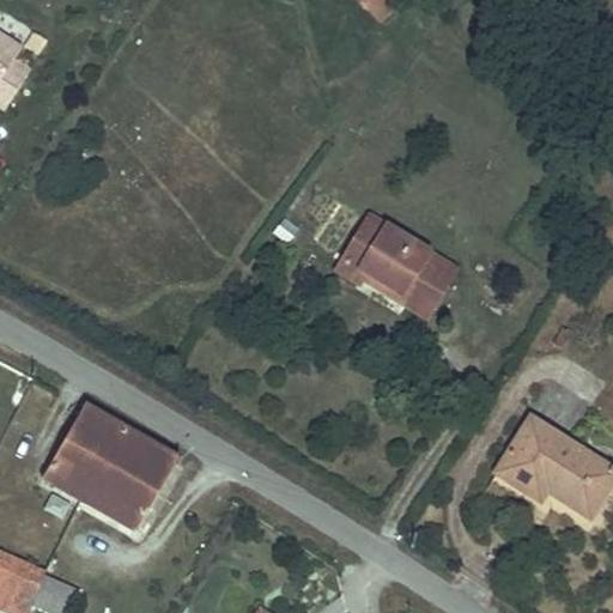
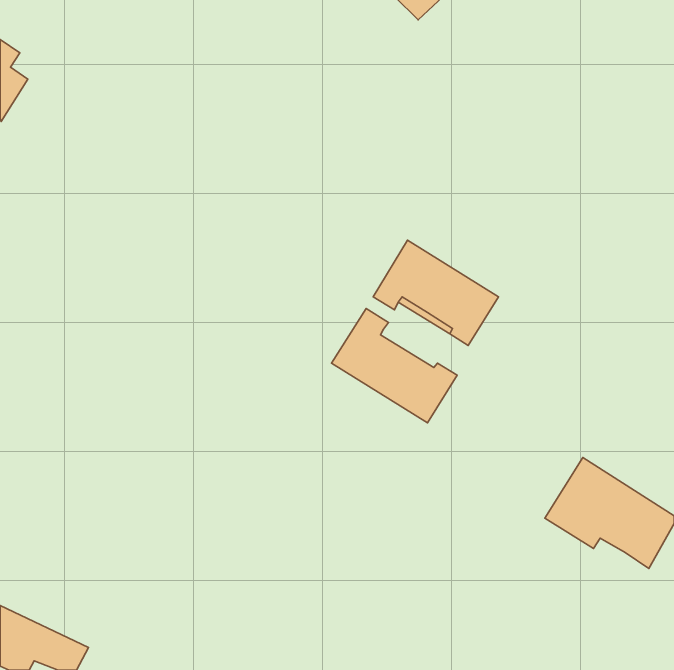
building: none -> [331,309,457,423]
building: [42,403,177,528] -> none

